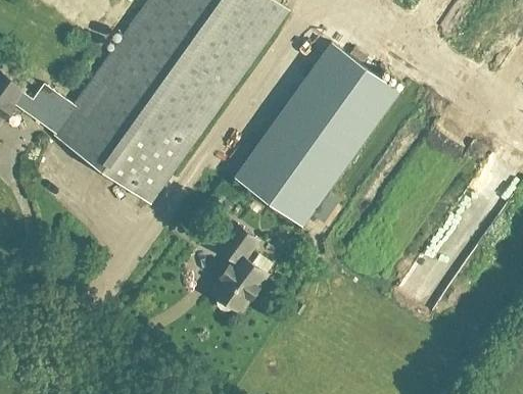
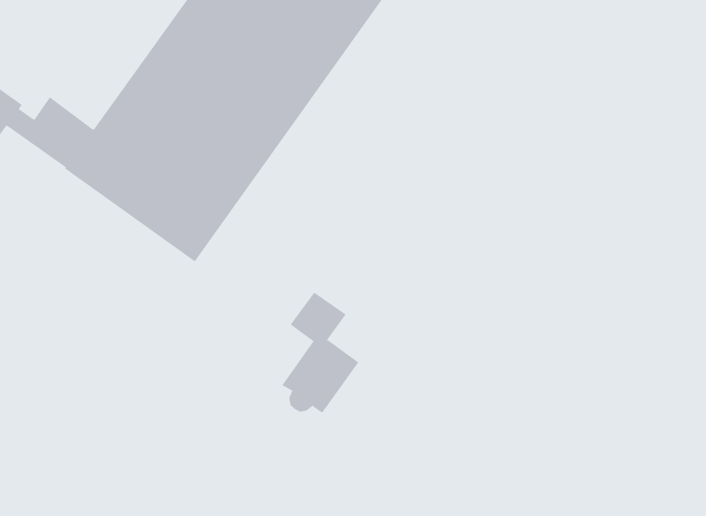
building: [236,29,397,217] -> none

